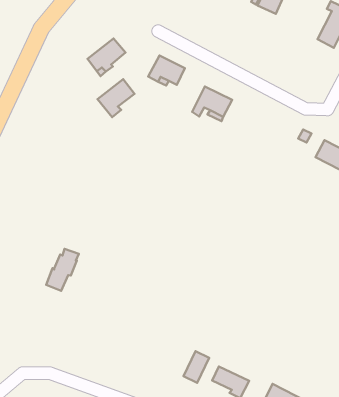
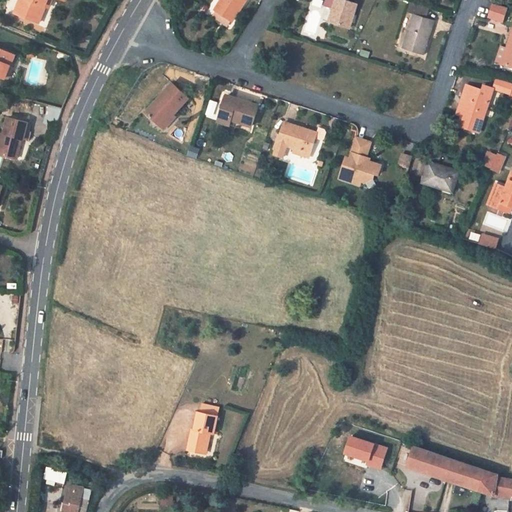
building: [98,79,135,117] -> none
building: none -> [338,138,381,184]
building: [46,249,79,291] -> [187,404,218,452]
building: [183,351,209,383] -> none

